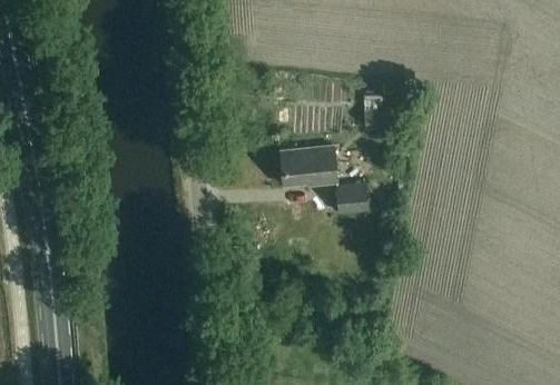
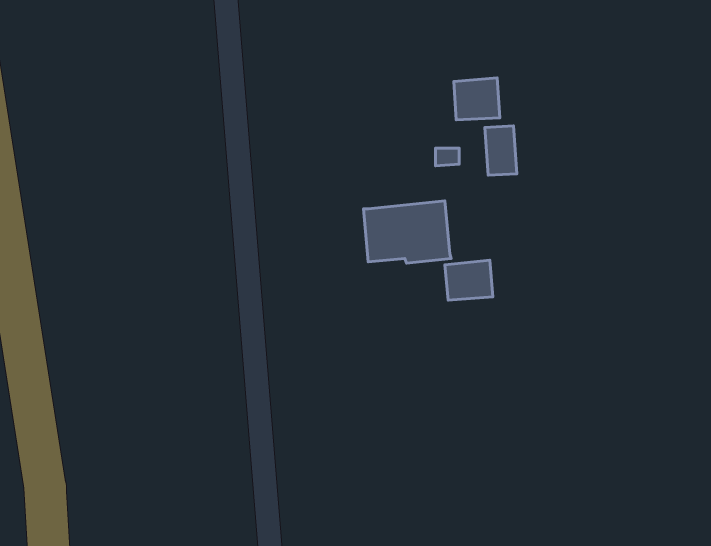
building: none -> [454,78,500,120]

